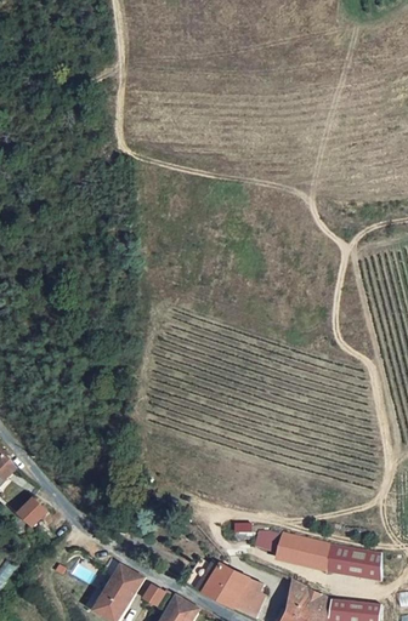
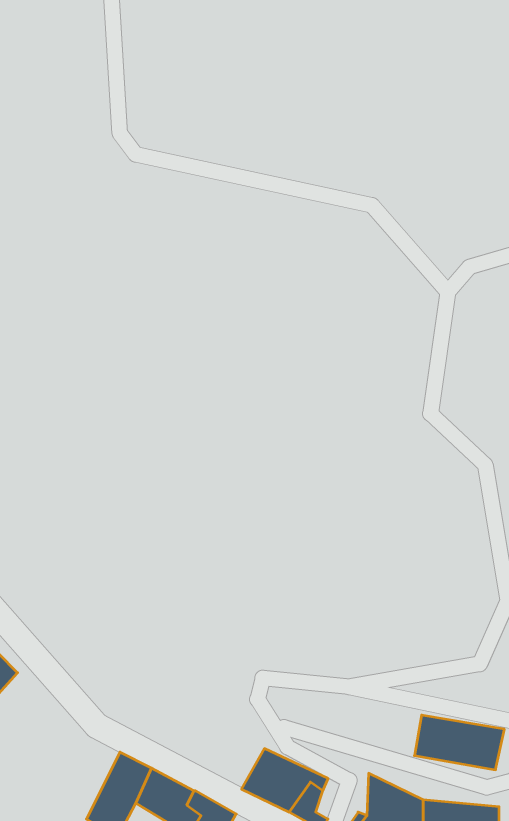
building: [271,531,324,569] -> none

